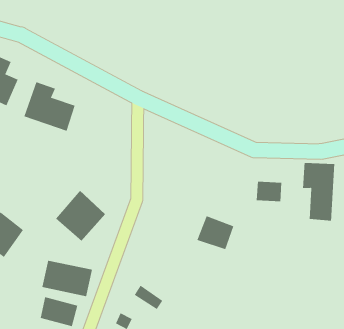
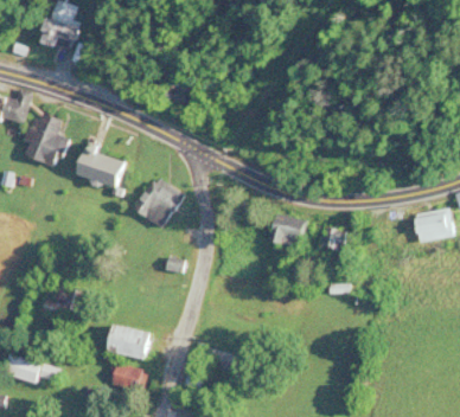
building: [303,162,335,221] -> none
building: [55,190,106,242] -> [130,175,183,229]
building: [197,215,234,250] -> [268,213,306,248]

